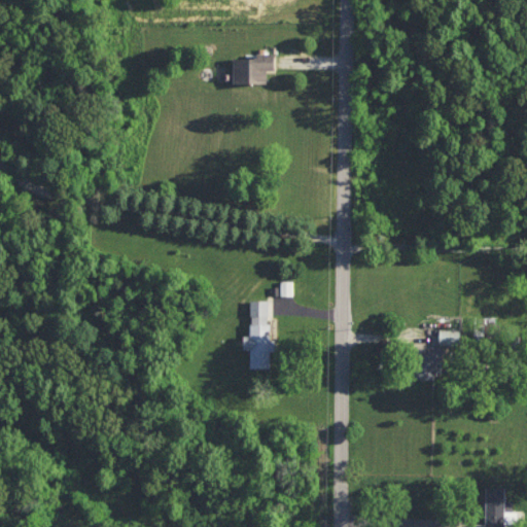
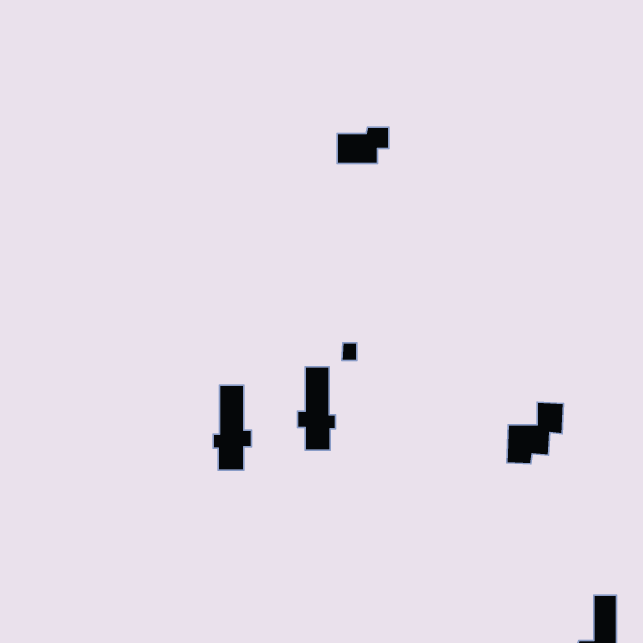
building: [233,54,275,83] -> [337,127,389,164]
building: none -> [213,385,252,470]

